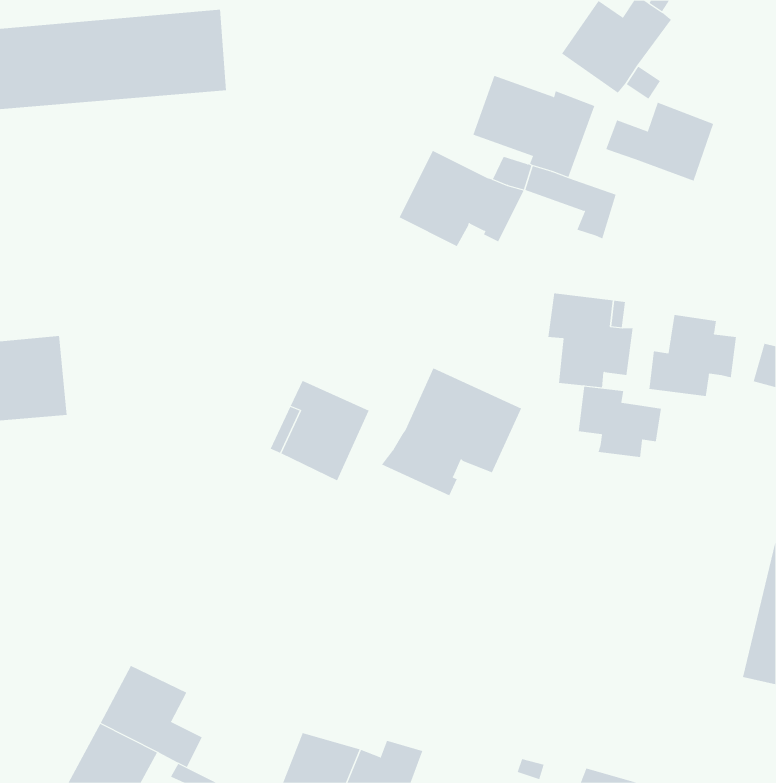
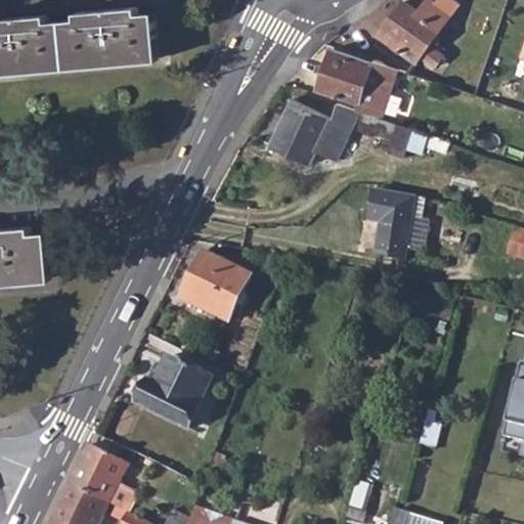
building: [606,102,714,181] -> none
building: [649,314,736,397] -> none
building: [381,368,522,496] -> none
building: [578,386,662,458] -> none
building: none -> [137,359,211,430]

